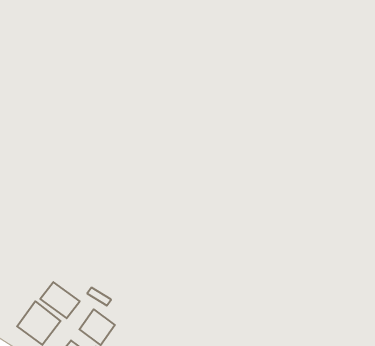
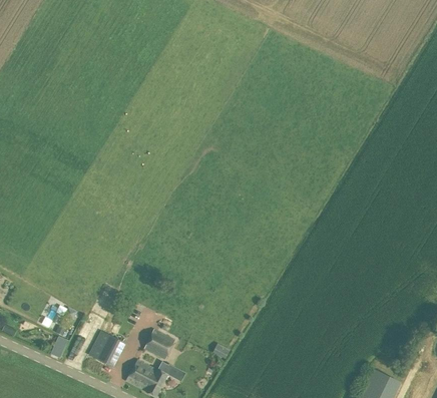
building: [40,282,80,318] -> none

